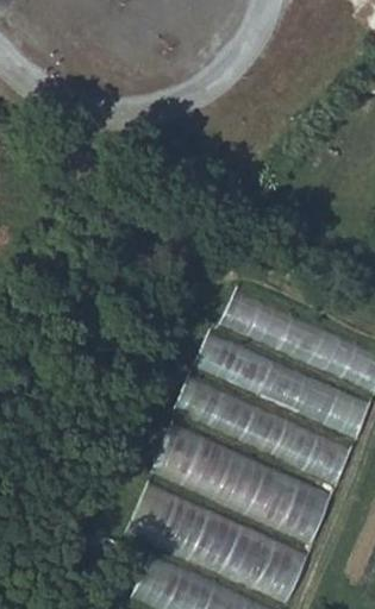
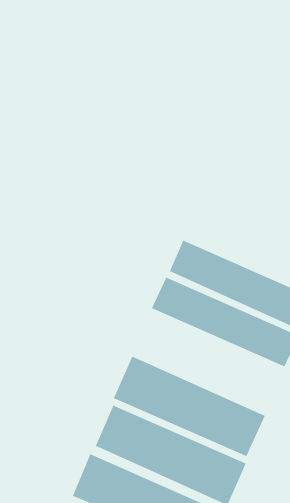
building: [174,375,350,483] -> none

